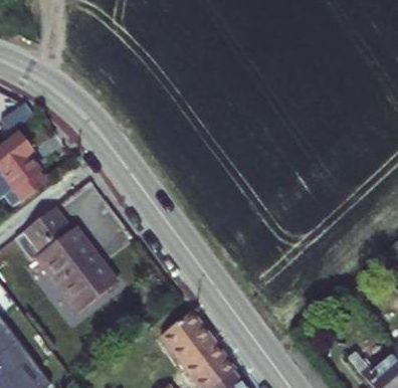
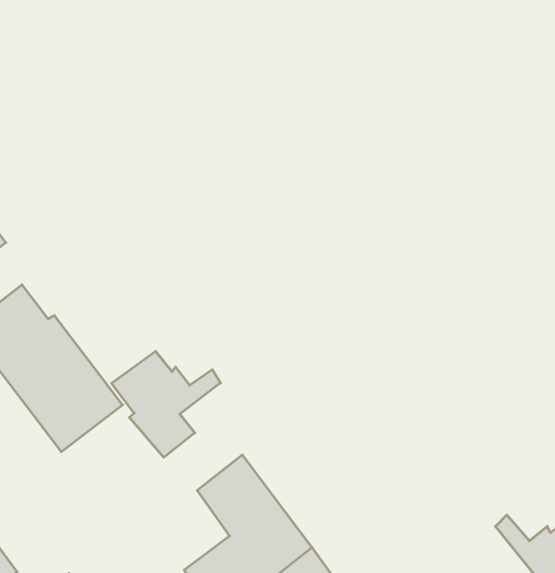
building: none -> [112,351,221,457]

